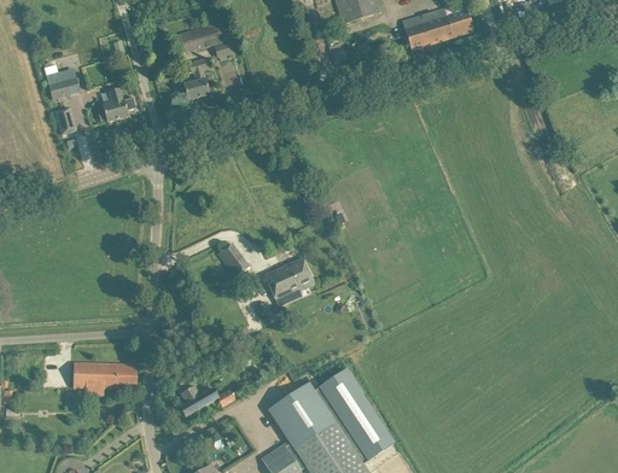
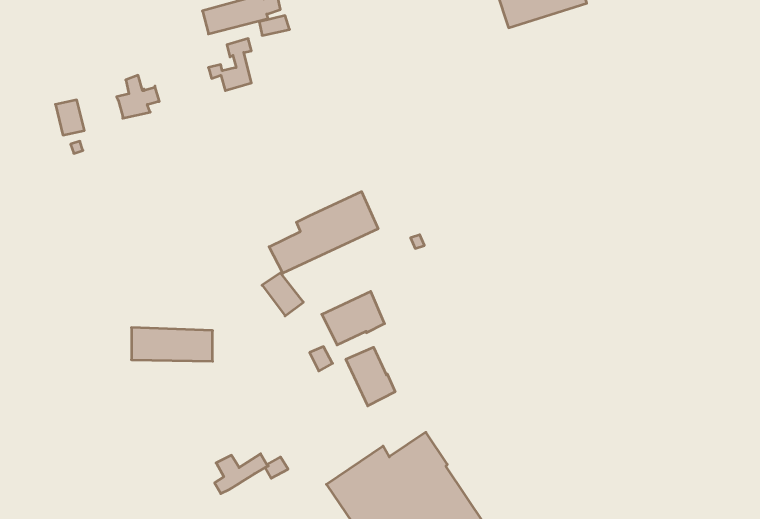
building: [47,74,80,99] -> none
building: none -> [269,192,378,273]
building: none -> [346,347,395,406]
building: [72,362,136,389] -> [131,328,213,361]

